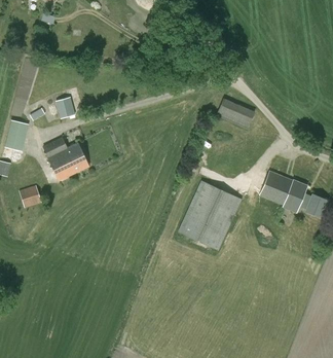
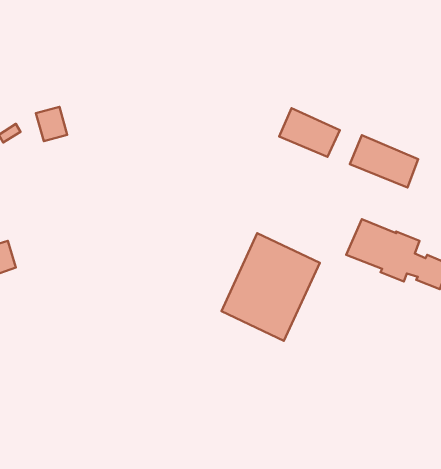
building: none -> [350,135,418,187]
building: [42,138,89,181] -> none

